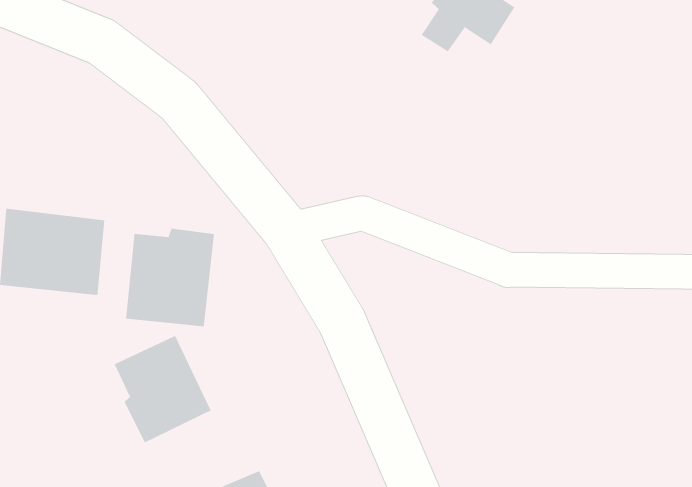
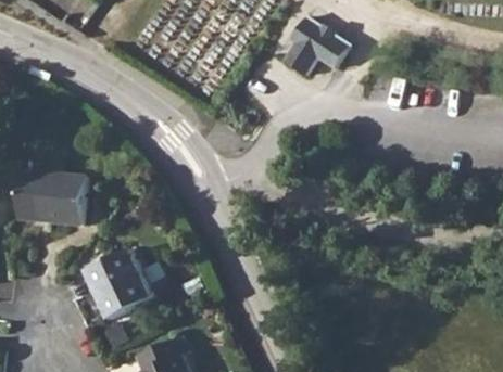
building: [126,228,214,327] -> none

